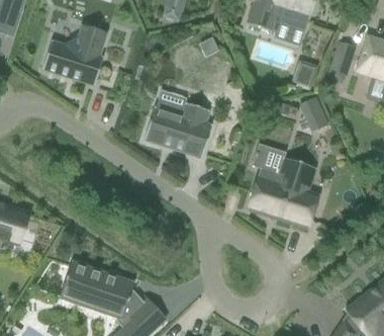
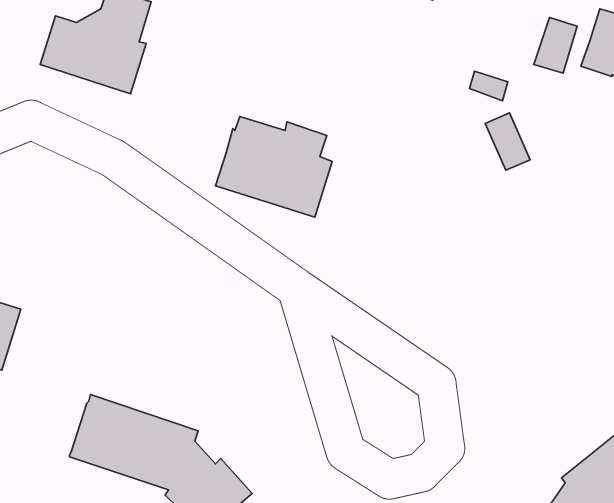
building: [247,144,319,229] -> none

